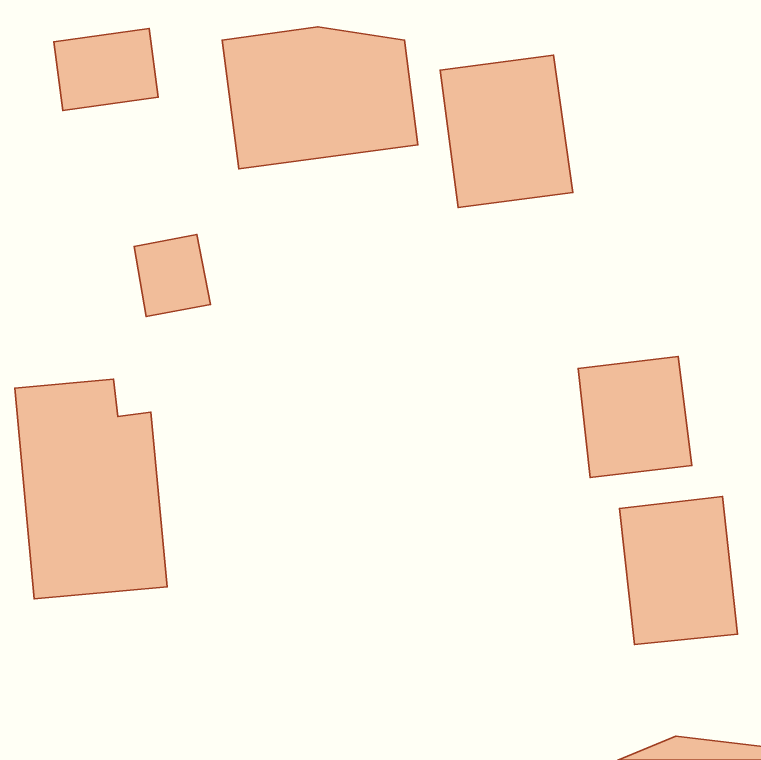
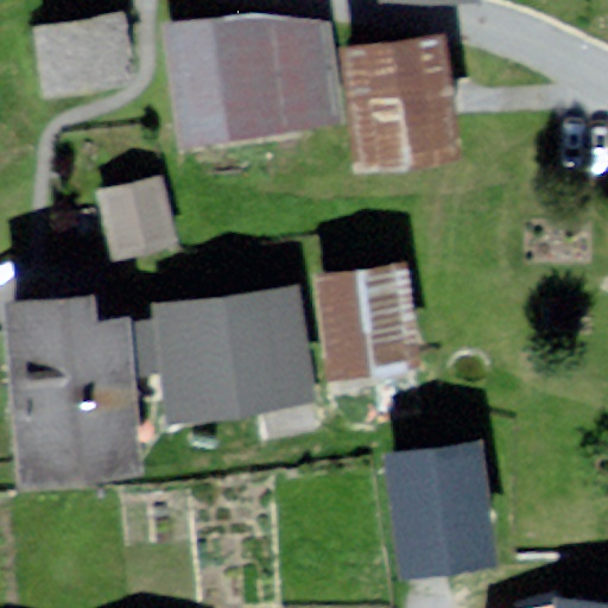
building: [578,356,692,477] -> [324,276,414,372]
building: none -> [164,300,306,414]
building: [620,497,737,644] -> [393,451,487,569]

